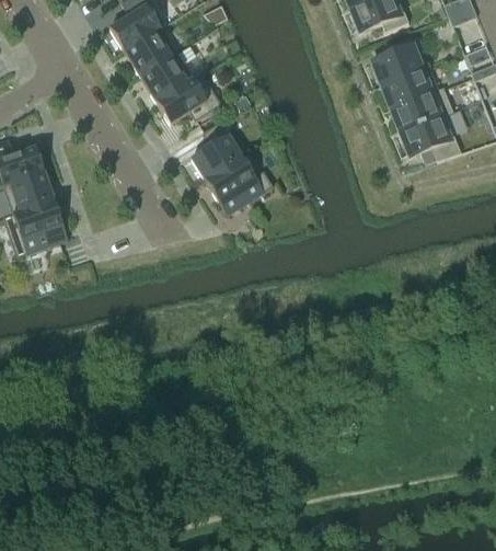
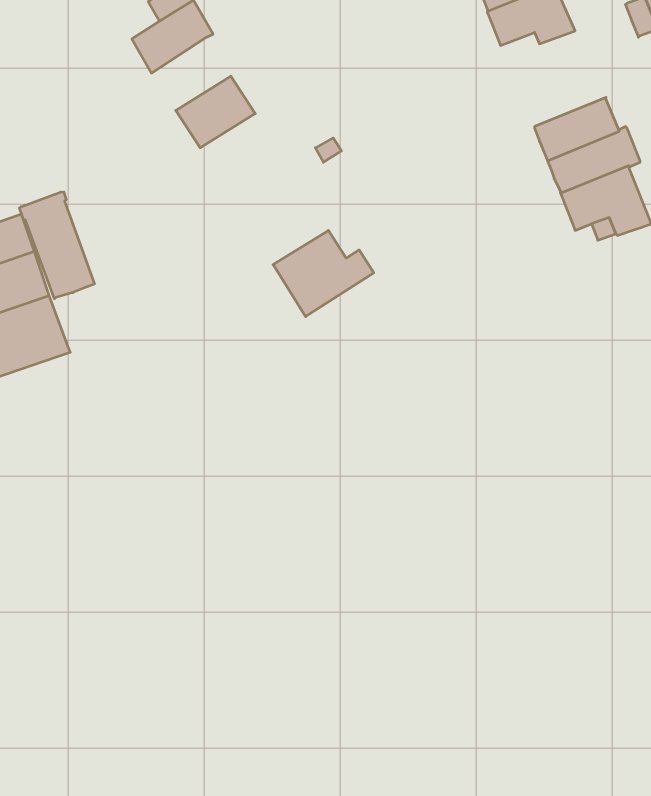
building: [123,25,176,74] -> none
building: [370,36,422,85] -> none
building: [155,71,221,123] -> none
building: [191,120,242,179] -> none
building: none -> [19,192,94,299]

